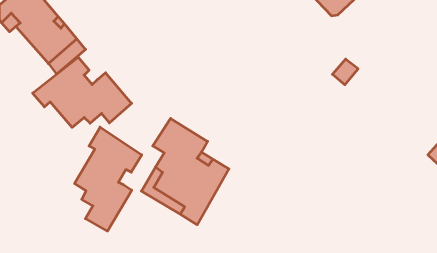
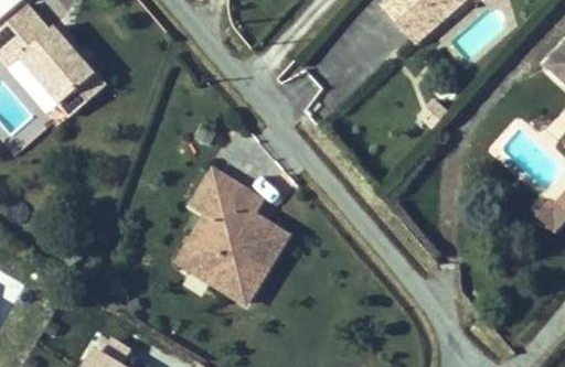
building: [33,57,132,127] -> none
building: [75,127,142,231] -> none

